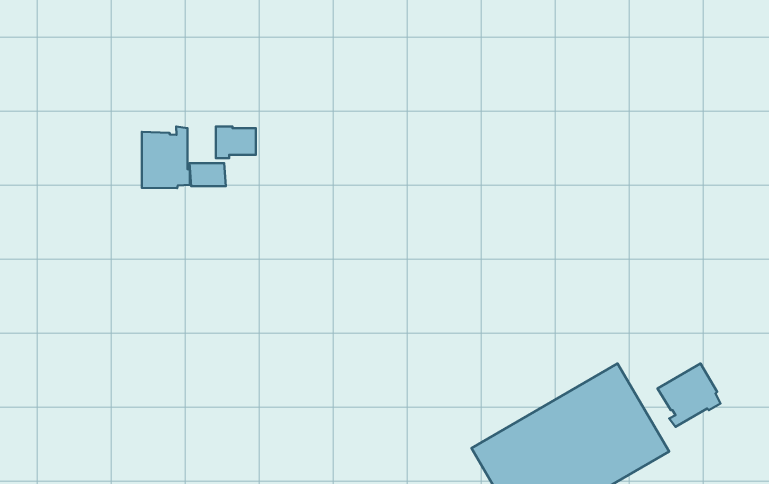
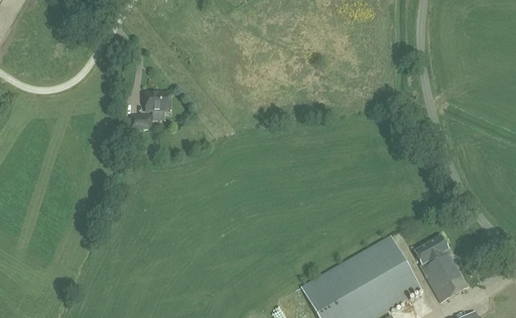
building: [142,127,190,188] -> none
building: none -> [424,260,467,302]

